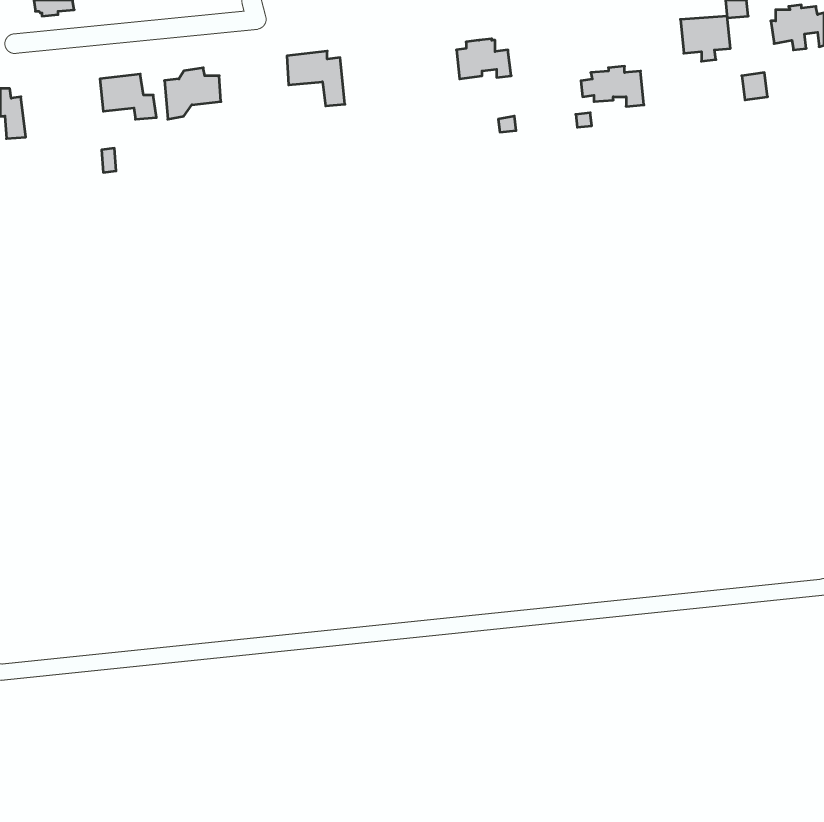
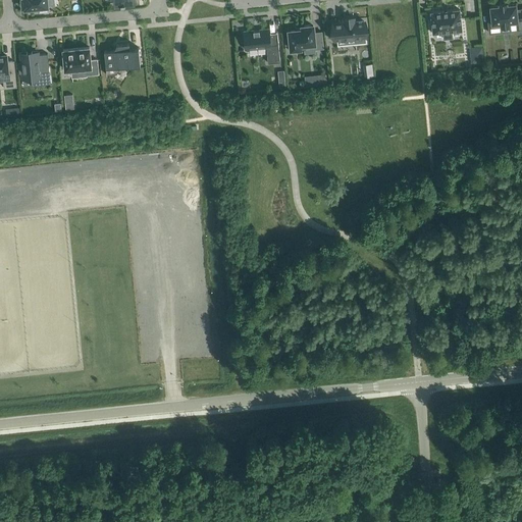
building: [287,51,345,106] -> [244,30,280,64]
building: [581,66,644,106] -> [326,19,366,45]
building: none -> [17,54,50,86]

